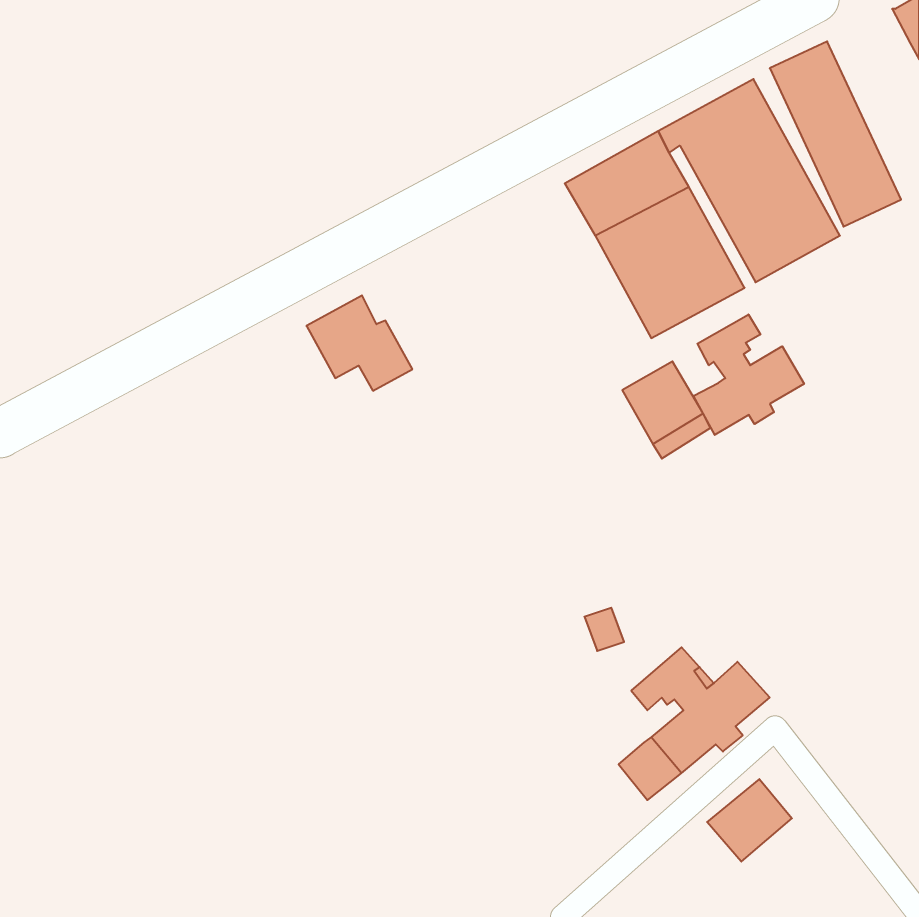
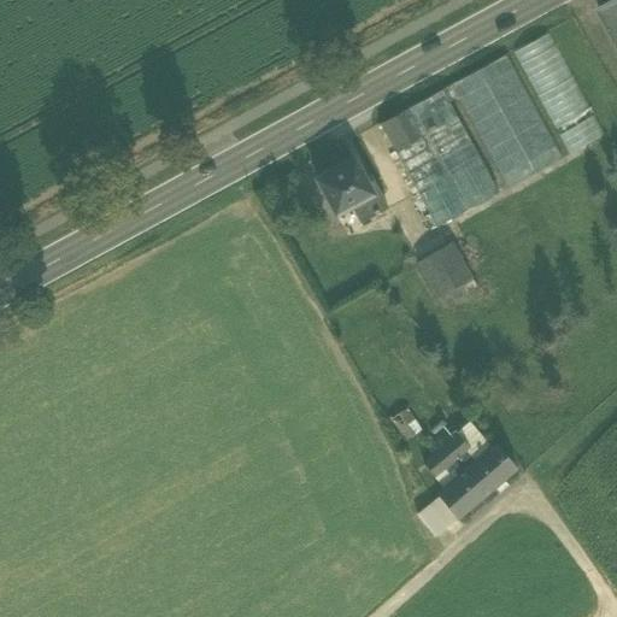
building: [306,295,412,391] -> [316,158,387,222]
building: [694,314,804,435] -> none
building: [707,779,792,862] -> none

